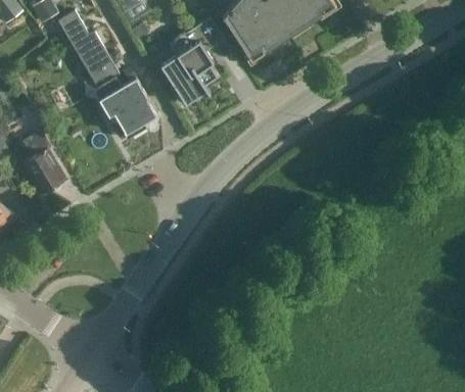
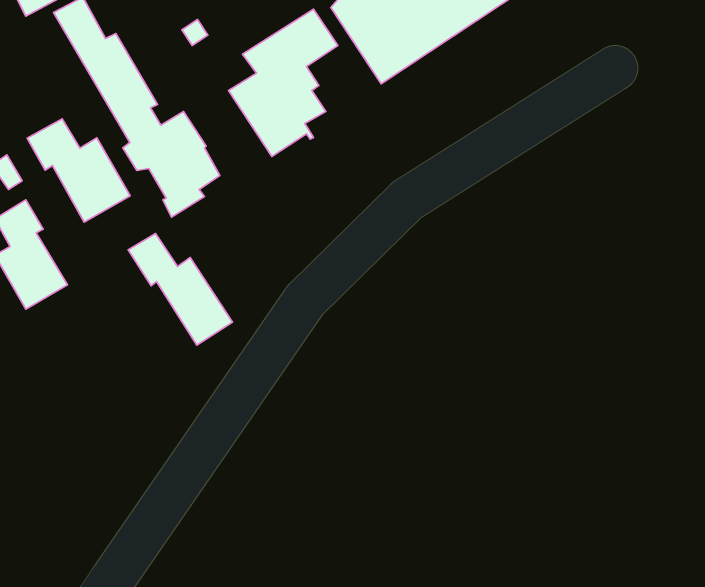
building: none -> [27,119,130,222]
building: none -> [128,233,232,345]

